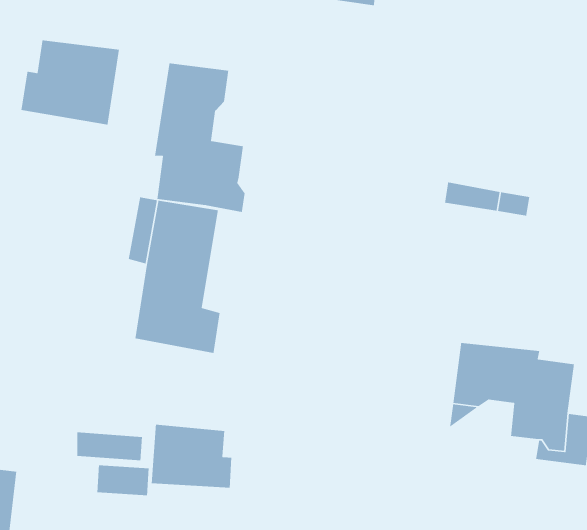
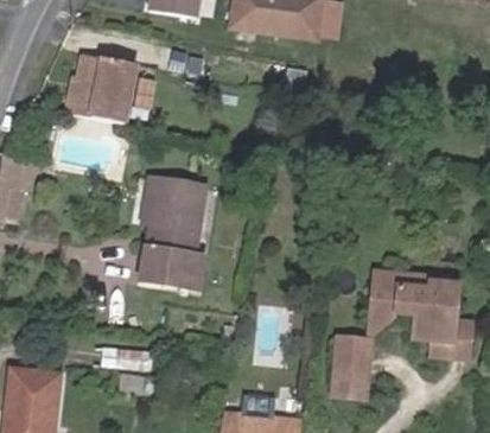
building: [154,63,246,213] -> none
building: [151,424,232,489] -> none
building: none -> [331,342,370,403]

